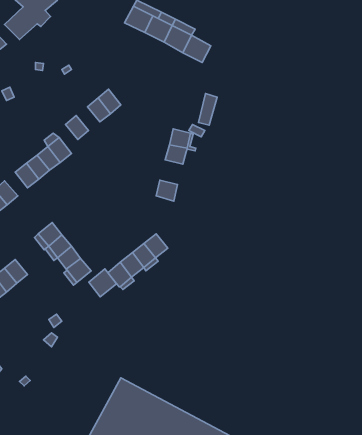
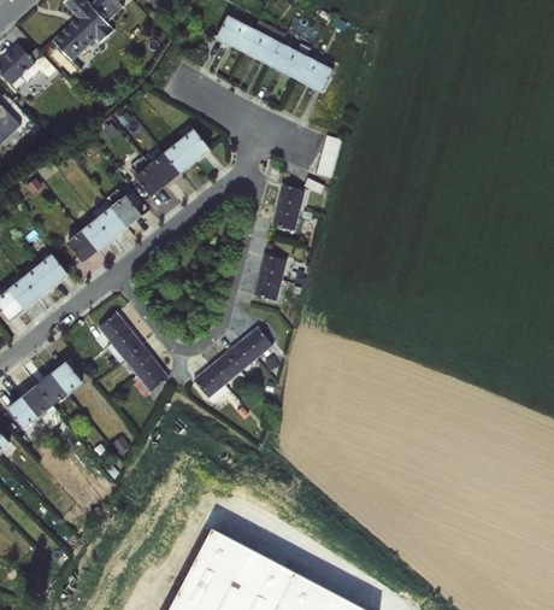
building: none -> [148,153,181,186]
building: none -> [252,275,282,303]
building: [89,269,116,297] -> none

